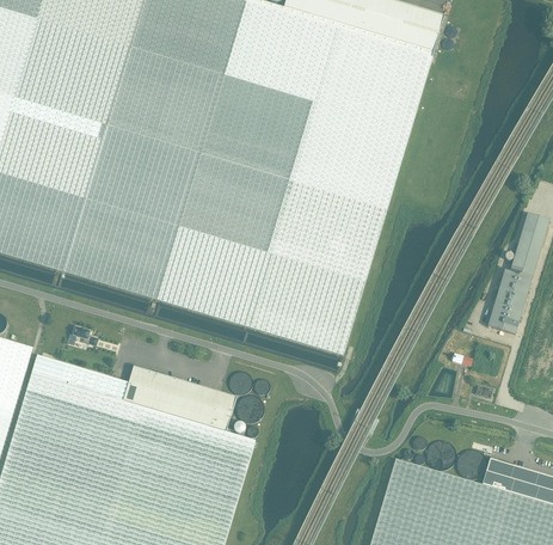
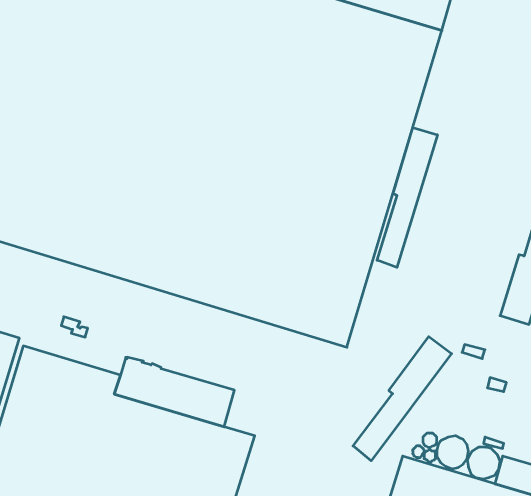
building: none -> [377,127,437,267]
building: none -> [353,337,452,461]

